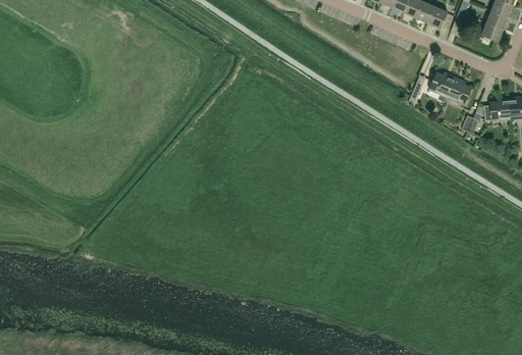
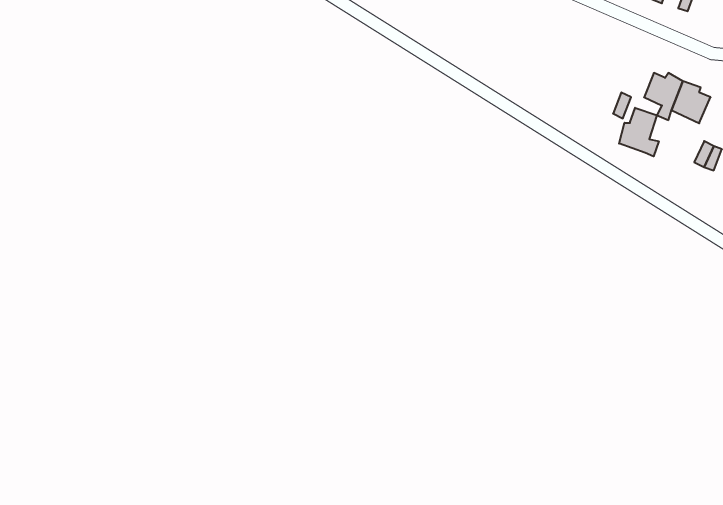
building: none -> [619,108,659,156]

